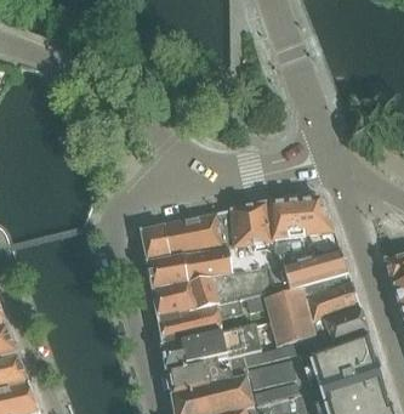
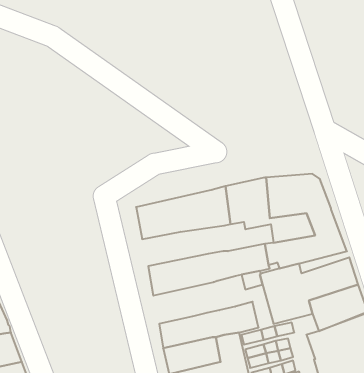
building: [147,246,277,290] -> none
building: [158,300,243,347] -> none

